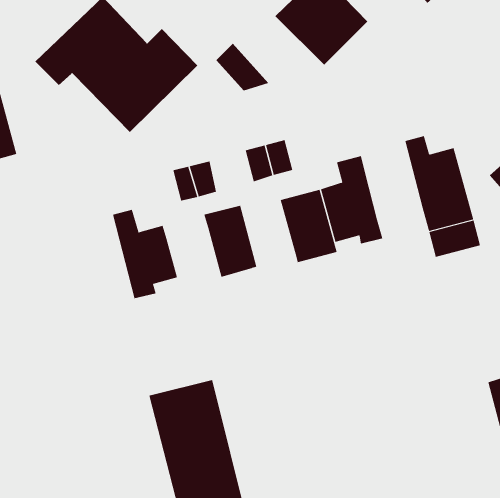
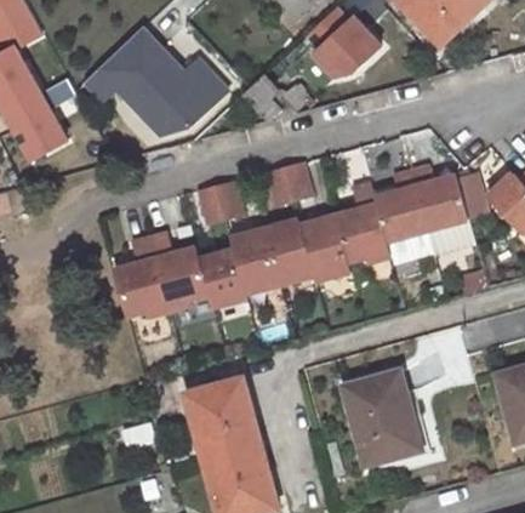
building: none -> [384,163,435,234]
building: none -> [272,211,321,277]
building: none -> [118,229,175,310]
building: none -> [205,241,253,300]
building: none -> [336,371,416,468]

